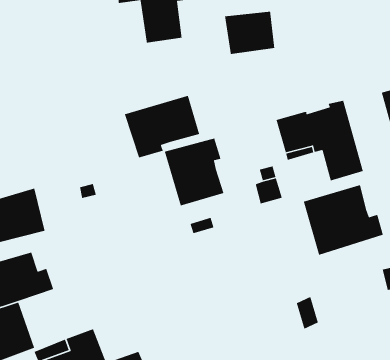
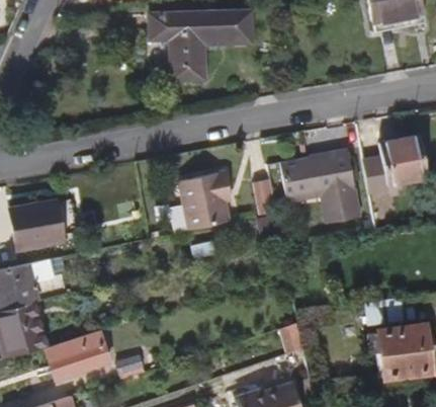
building: [224,11,275,55] -> none
building: [124,95,200,159] -> none
building: [303,184,384,256] -> none

